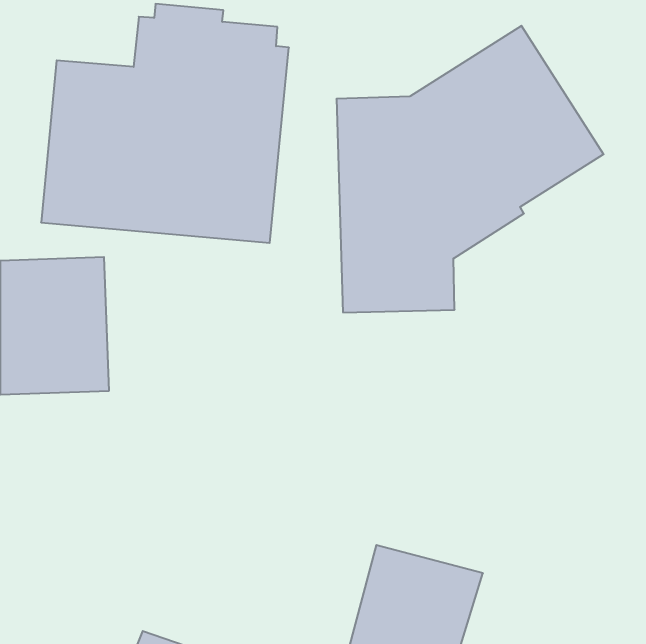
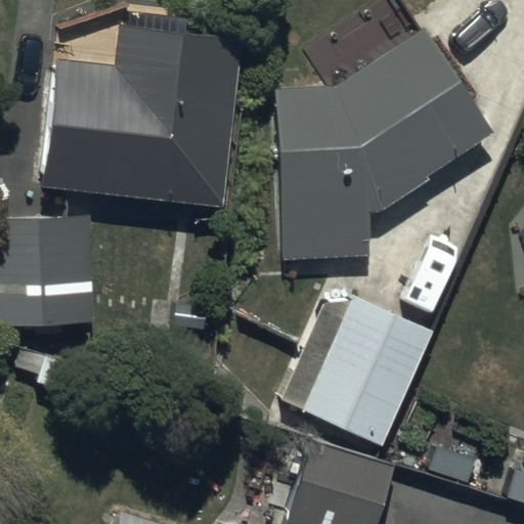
building: none -> [280,301,431,445]

